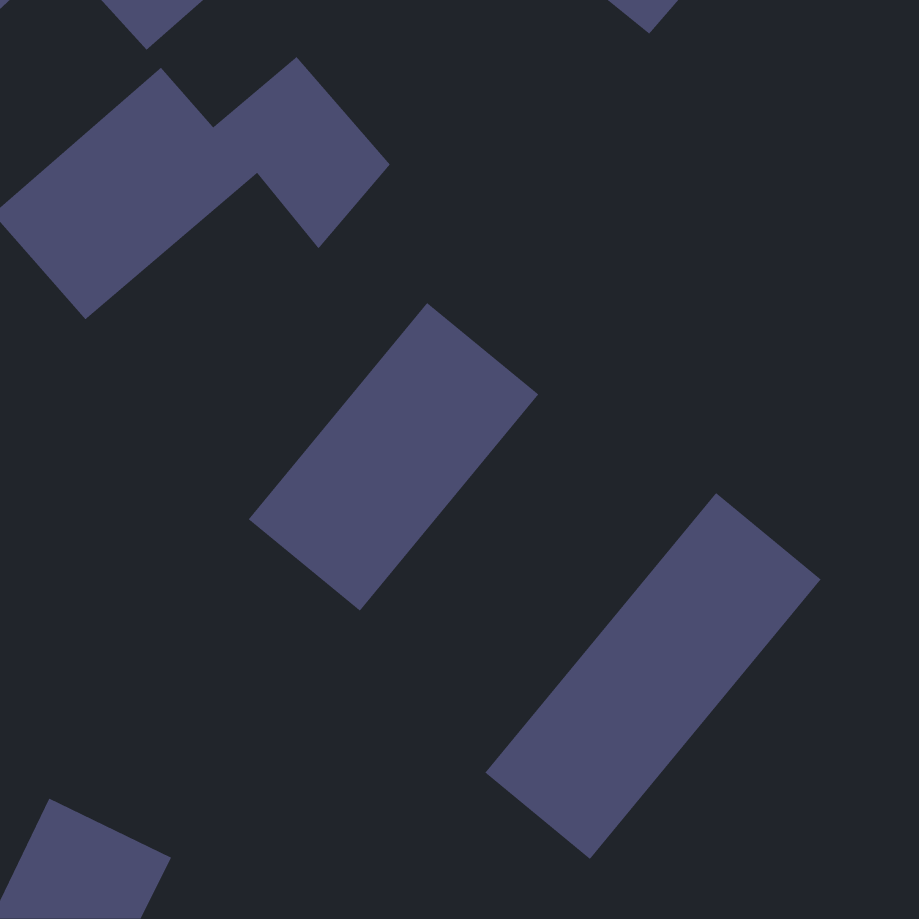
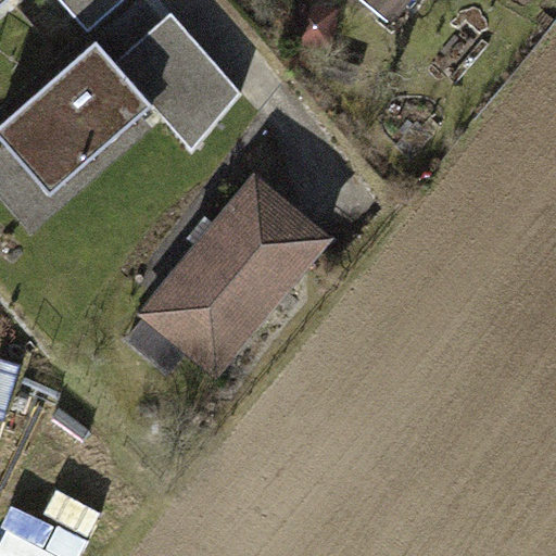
building: [485,492,821,860] -> none

